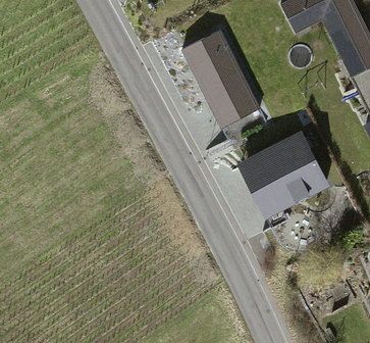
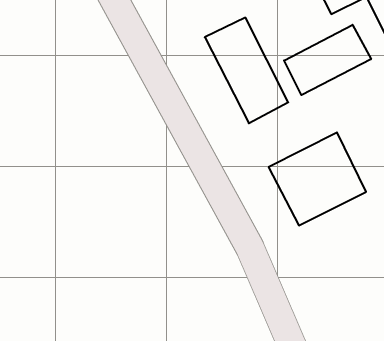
building: none -> [284,25,371,95]

